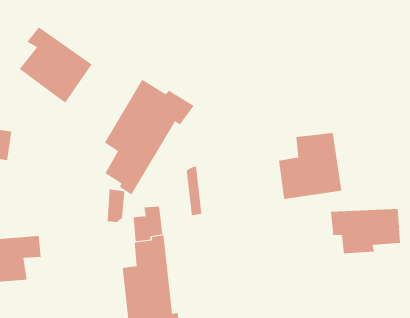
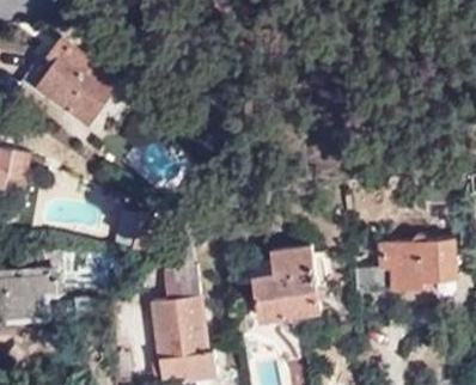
building: [104,79,194,195] -> none
building: [278,132,342,199] -> [254,245,324,319]

